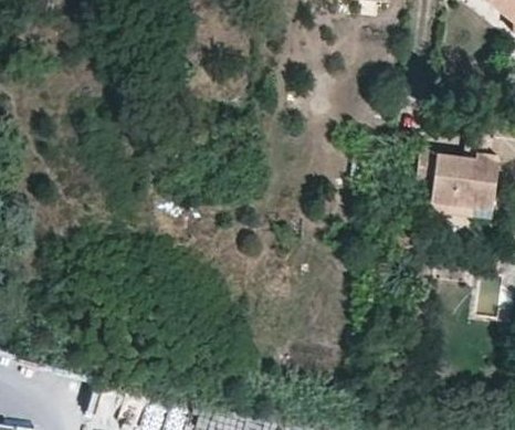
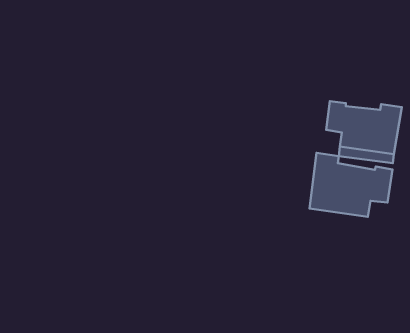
building: none -> [310,153,393,217]

